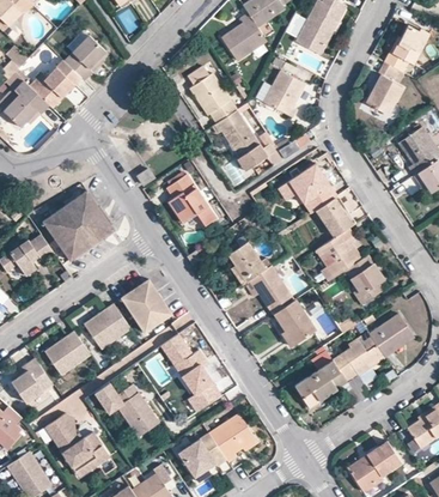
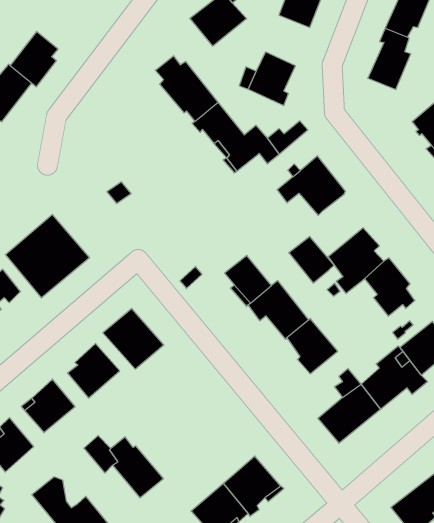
building: [166,175,215,226] -> none
building: [316,199,353,238] -> [289,237,334,283]
building: [158,332,219,406] -> none

